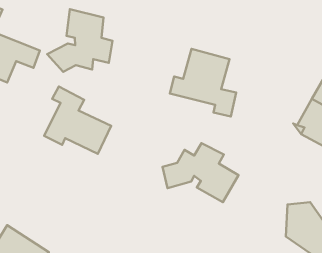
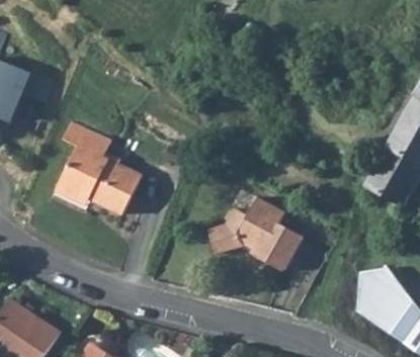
building: [47,9,112,72] -> none
building: [170,49,236,116] -> none

